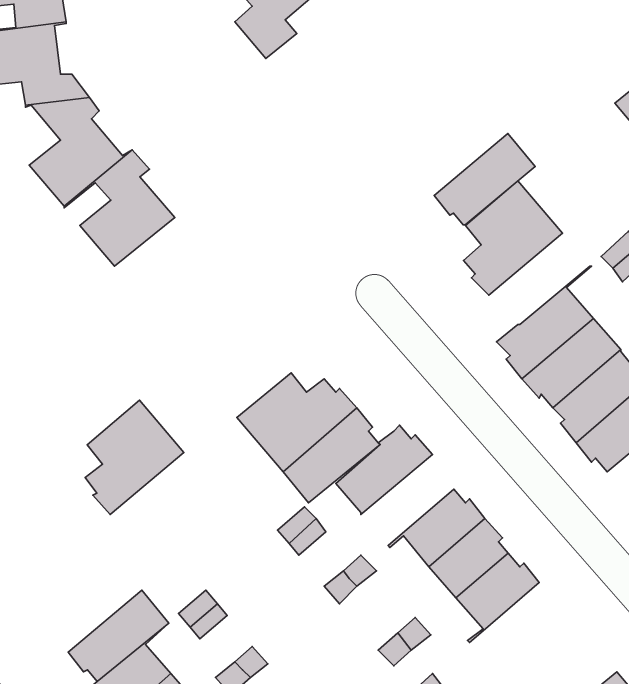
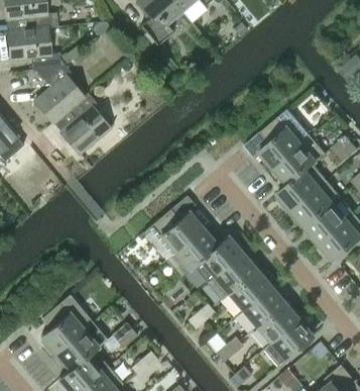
building: [434,134,535,225] -> [273,136,326,184]
building: [85,400,184,515] -> [41,295,93,355]
building: none -> [207,252,255,299]
building: none -> [263,318,313,367]

